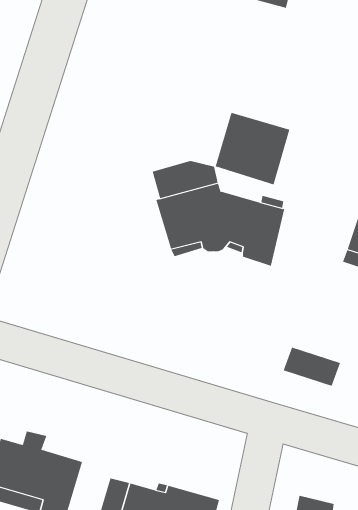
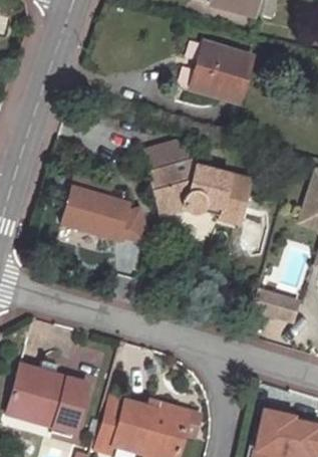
building: [215,112,290,185] -> [191,43,252,102]
building: none -> [61,176,152,246]

